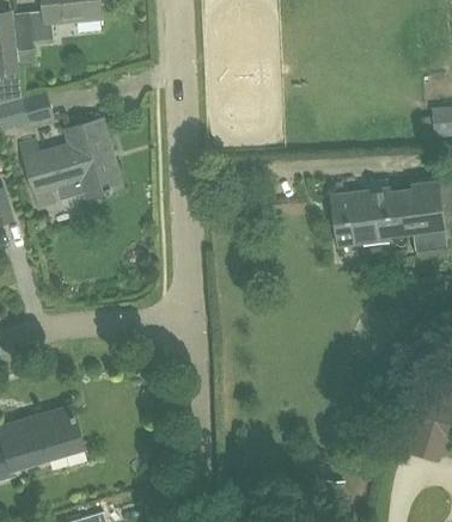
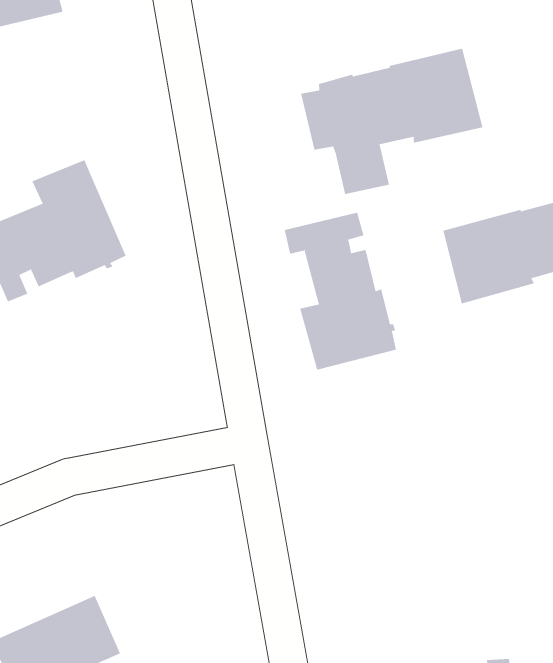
building: none -> [300,48,483,195]
building: none -> [284,212,397,371]

